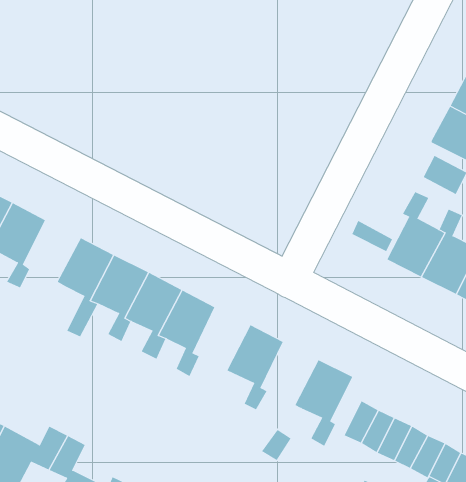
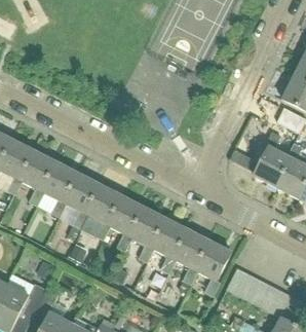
building: none -> [17,149,54,206]
building: none -> [127,206,164,272]
building: none -> [171,228,208,285]

